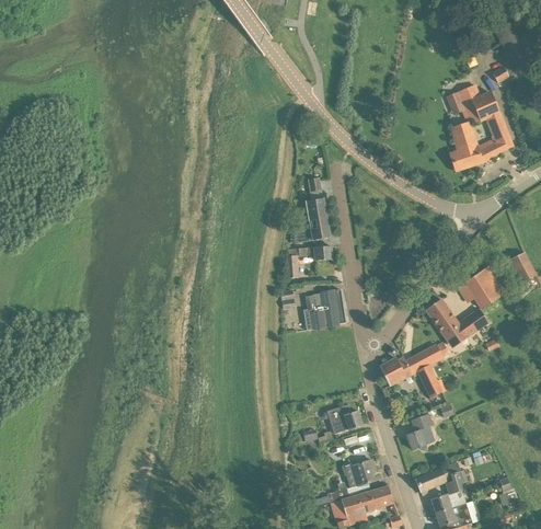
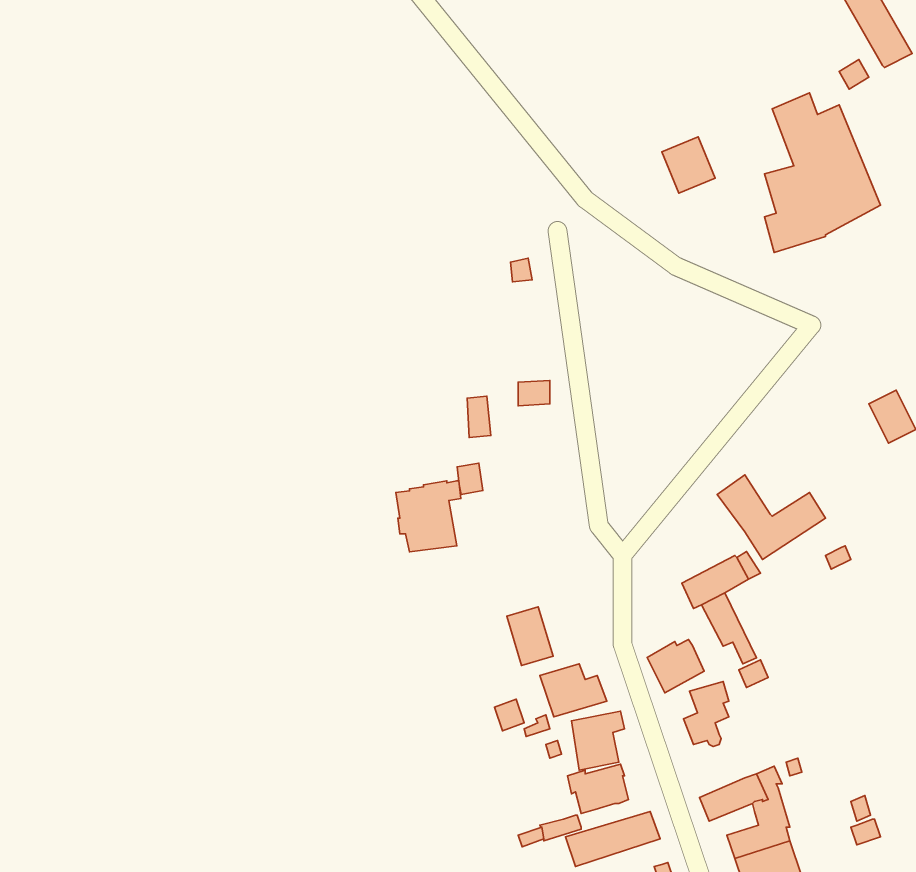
building: none -> [662,137,715,193]
building: [293,199,330,243] -> none
building: [456,266,506,311] -> none
building: [304,289,341,329] -> [396,481,461,552]
building: [380,356,412,386] -> [647,640,704,693]
building: none -> [507,607,553,666]

